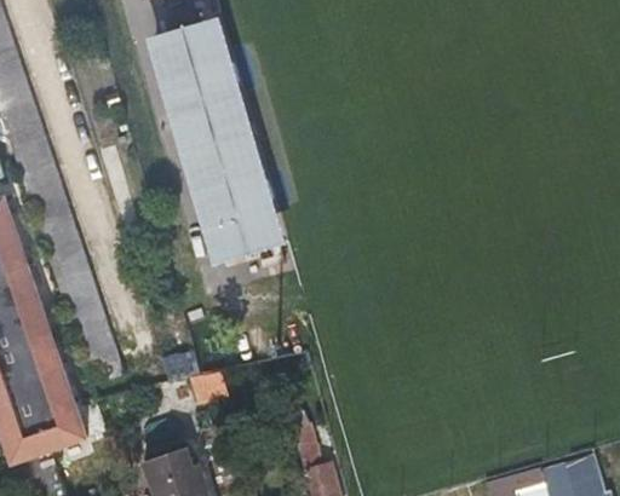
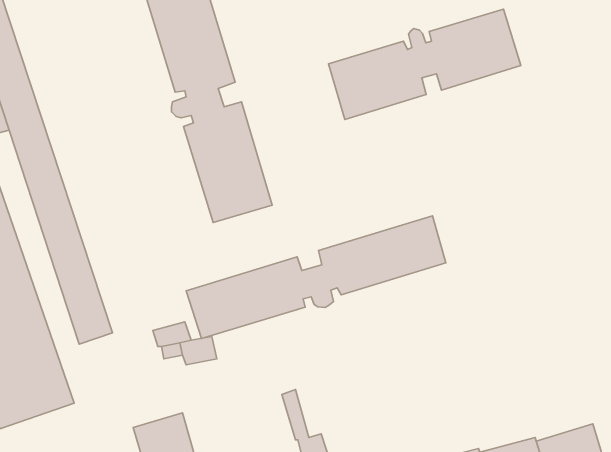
building: none -> [328,9,521,120]
building: none -> [186,216,446,338]

